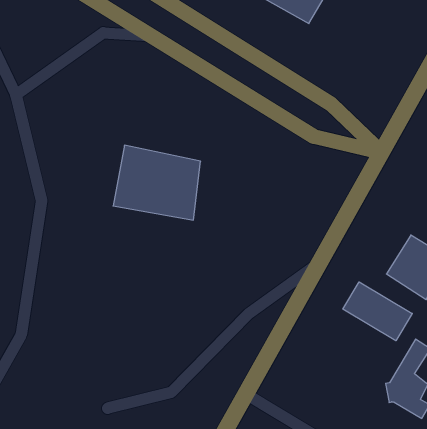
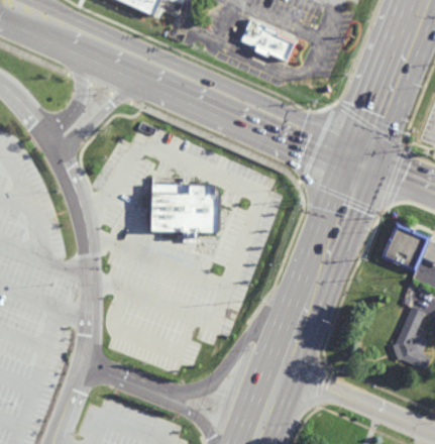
building: [343,282,412,341] -> none

